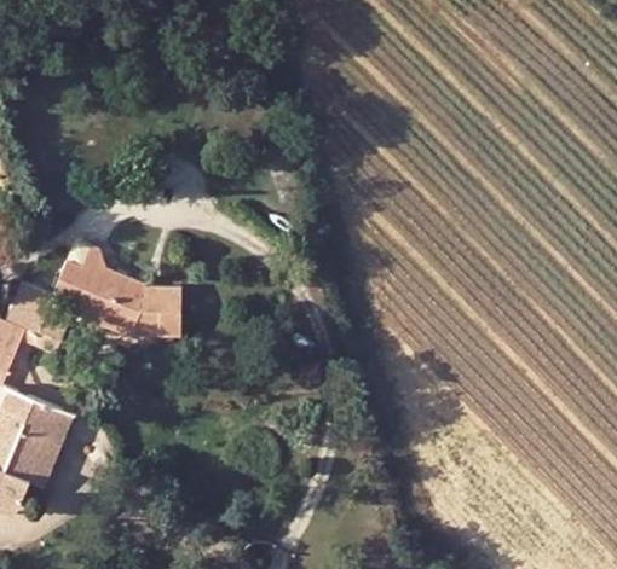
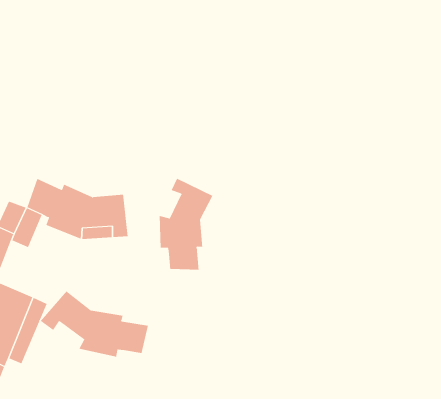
building: none -> [159,178,213,271]
building: none -> [40,291,149,358]

